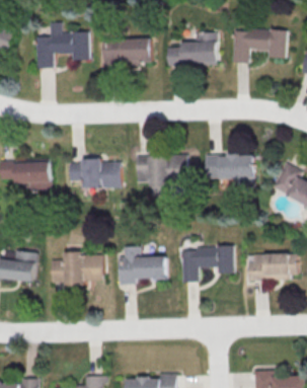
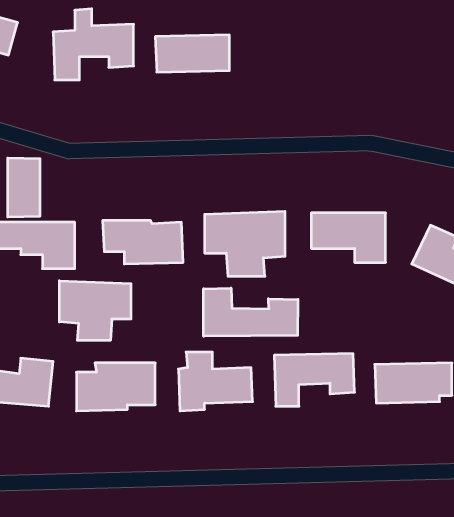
building: [232,28,287,63] -> none
building: [167,32,218,66] -> none
building: none -> [8,158,40,217]
building: none -> [59,281,131,340]
building: none -> [204,288,298,336]

